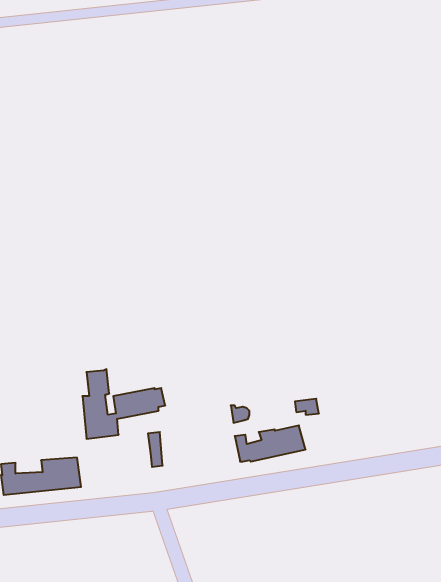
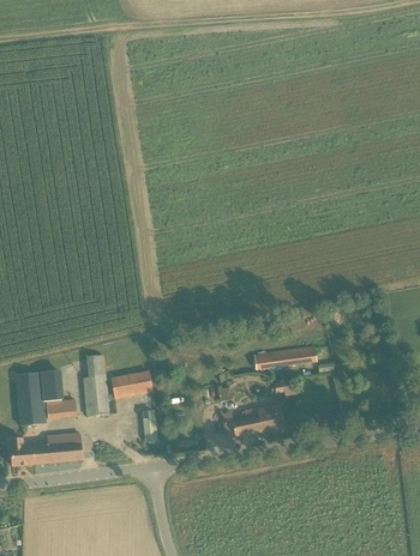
building: none -> [253,346,314,370]
building: none -> [14,371,76,427]

